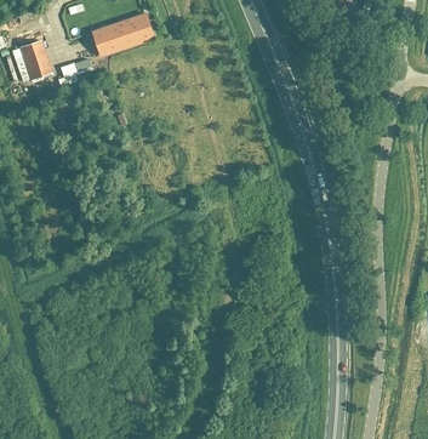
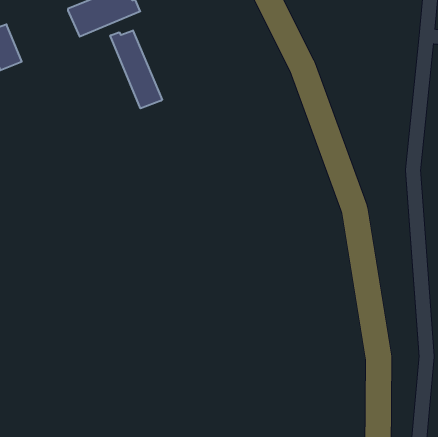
building: none -> [110,30,162,108]

